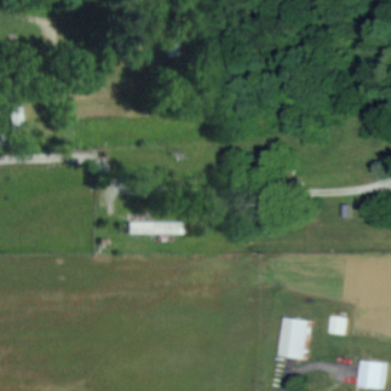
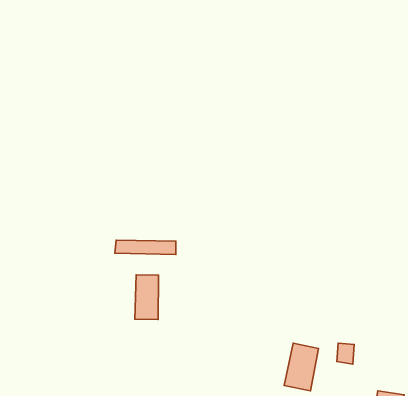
building: none -> [135,275,158,320]

